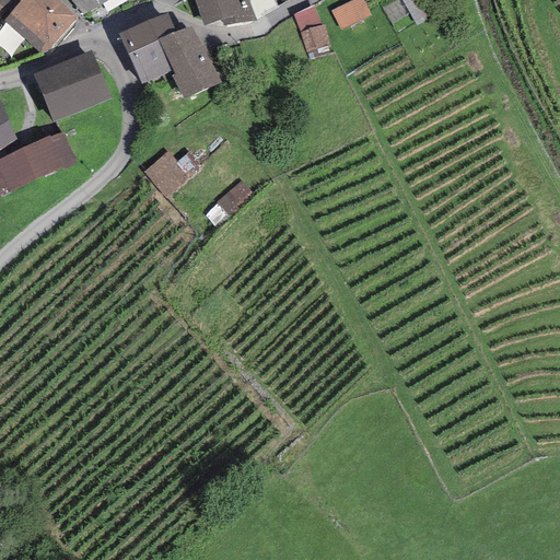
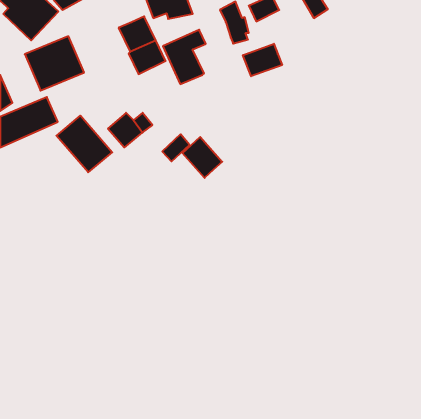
building: [118,11,175,83] -> [163,30,206,84]
building: none -> [243,44,282,76]
building: none -> [56,116,112,172]
building: none -> [183,137,222,178]

